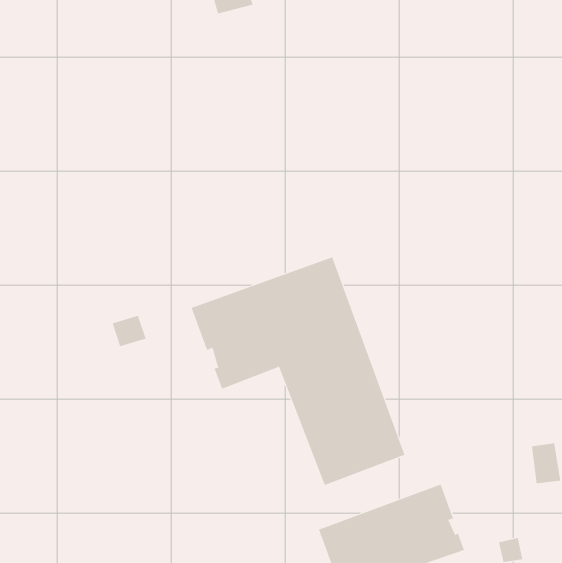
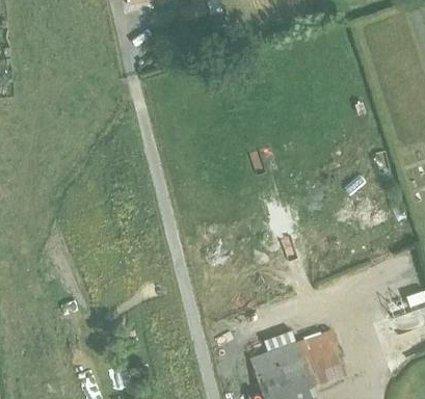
building: [191,256,405,486] -> none

